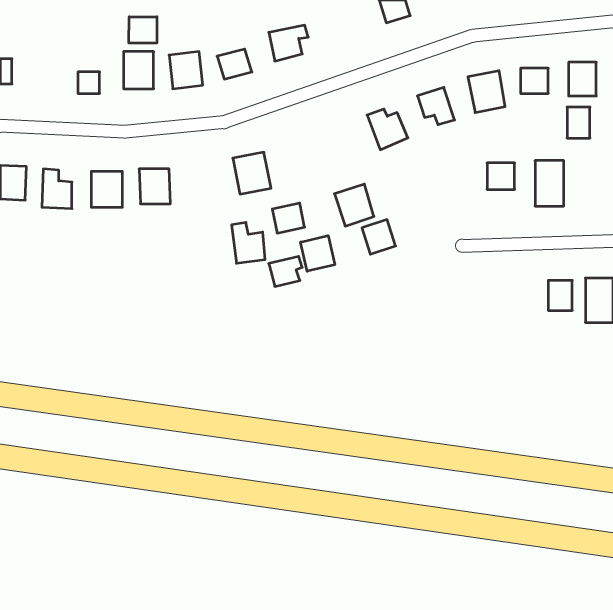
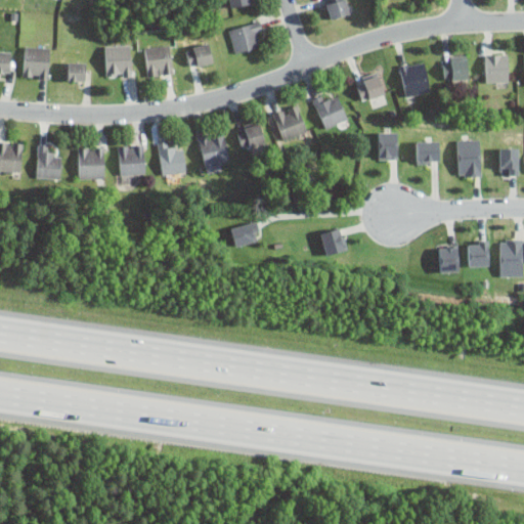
building: [129,17,157,43] -> none
building: none -> [24,48,49,79]
building: [567,107,590,138] -> [498,148,518,175]
building: none -> [378,129,397,160]
building: [334,184,374,226] -> [273,105,307,141]
building: [272,203,305,233] -> [237,125,265,150]
building: [362,220,396,254] -> [319,227,348,257]
building: [232,222,265,263] -> [158,142,186,177]
building: [301,236,335,271] -> none
building: none -> [438,248,458,273]

